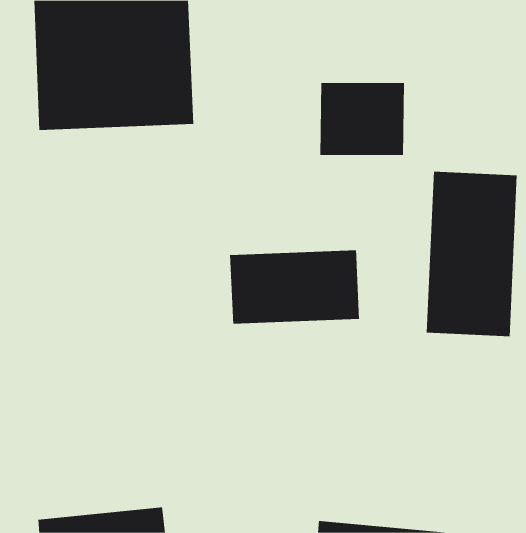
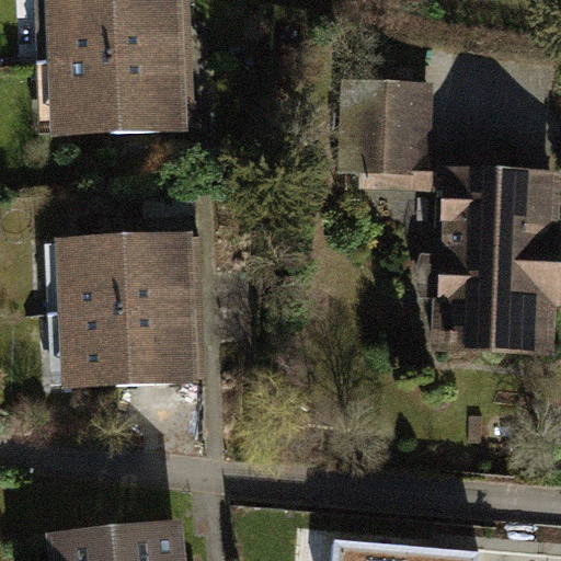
building: none -> [48,227,217,383]
building: [230,250,360,324] -> none

